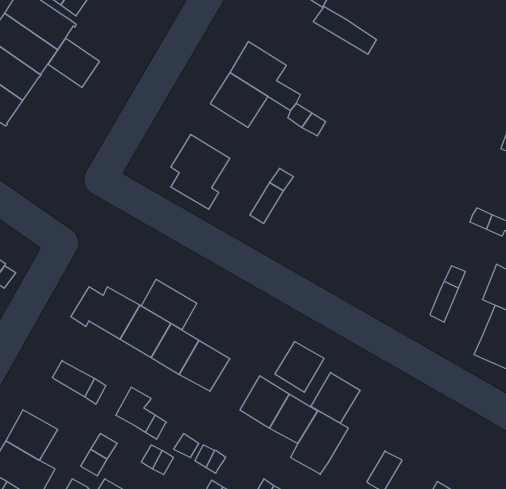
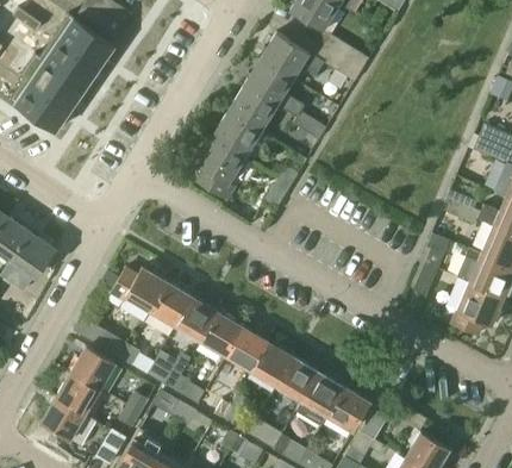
building: none -> [261,35,362,83]
building: [48,38,99,87] -> none
building: none -> [212,113,261,160]
building: [141,279,197,330] -> none
building: [275,341,324,392] -> [229,329,270,372]
building: [311,372,360,423] -> [329,387,370,430]
building: none -> [70,347,114,388]

